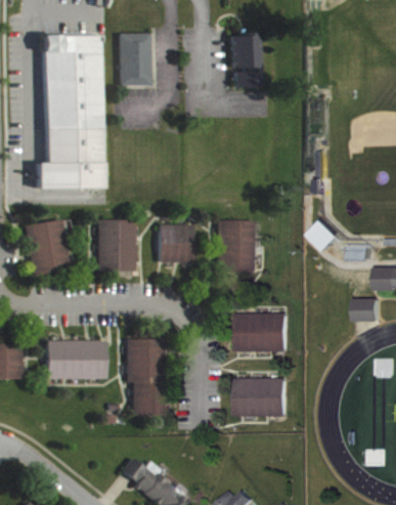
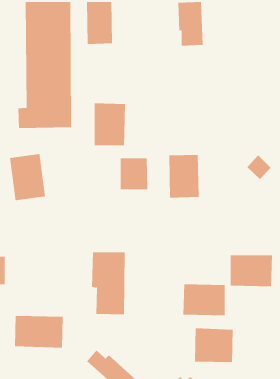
building: [98,219,137,271] -> [94,103,126,146]
building: [237,313,290,352] -> [230,255,273,287]
building: [46,340,106,380] -> [14,316,64,348]
building: none -> [194,328,233,363]

